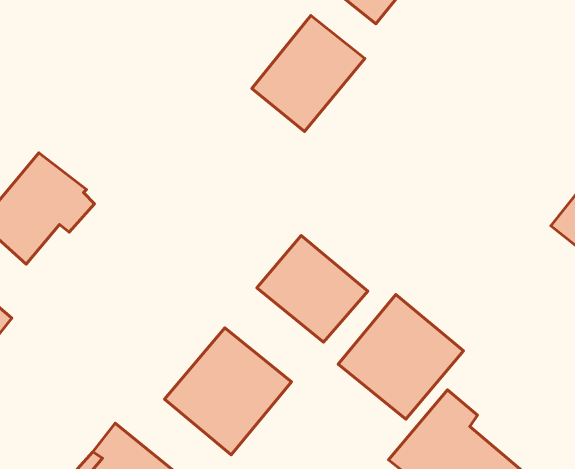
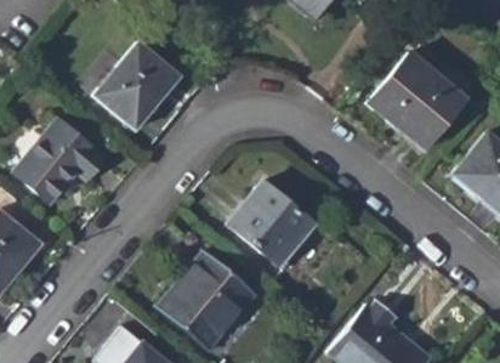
building: [252,15,365,131] -> [96,42,182,131]
building: none -> [368,51,465,148]
building: [338,295,464,419] -> none

